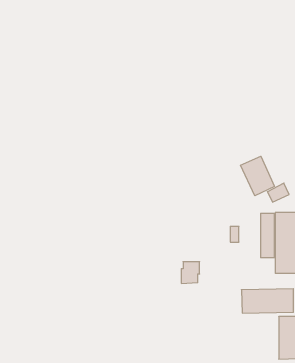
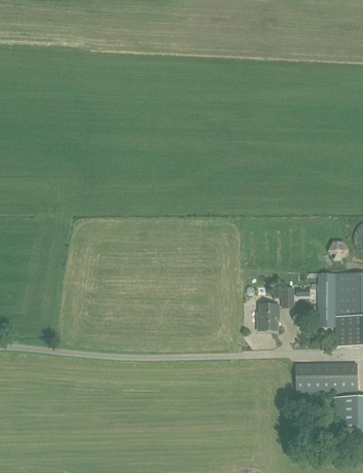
building: [240,156,274,196] -> none
building: [181,262,200,283] -> [257,304,279,330]

